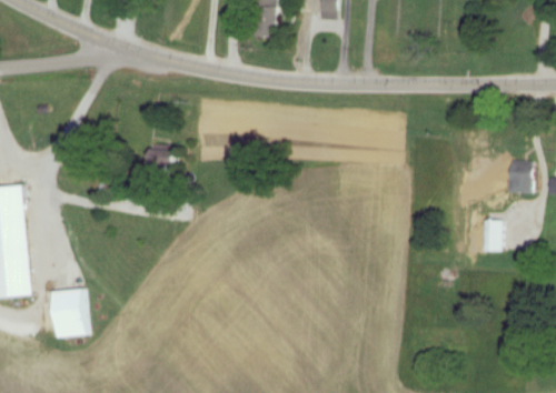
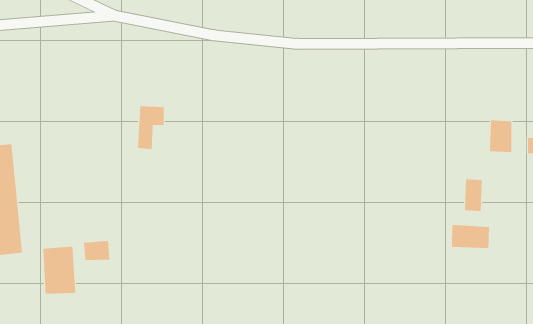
building: none -> [452,224,489,249]
building: none -> [84,240,110,261]

